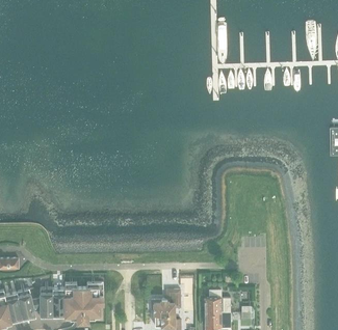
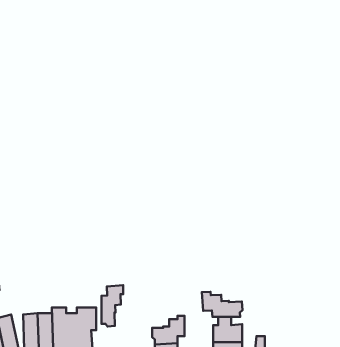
building: none -> [102,285,123,326]
building: none -> [202,292,243,317]

